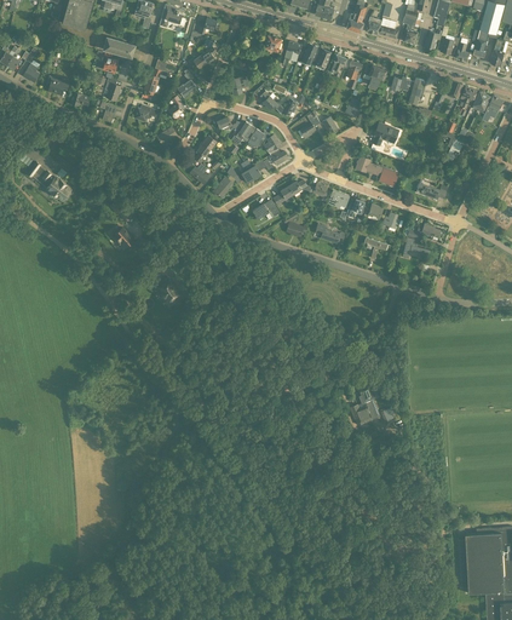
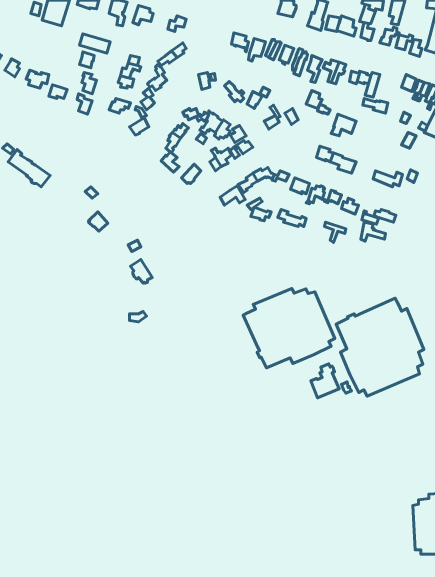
building: none -> [243,288,335,368]
building: none -> [336,298,424,396]

